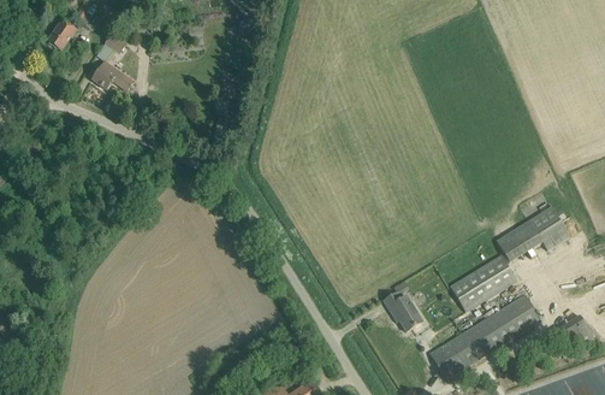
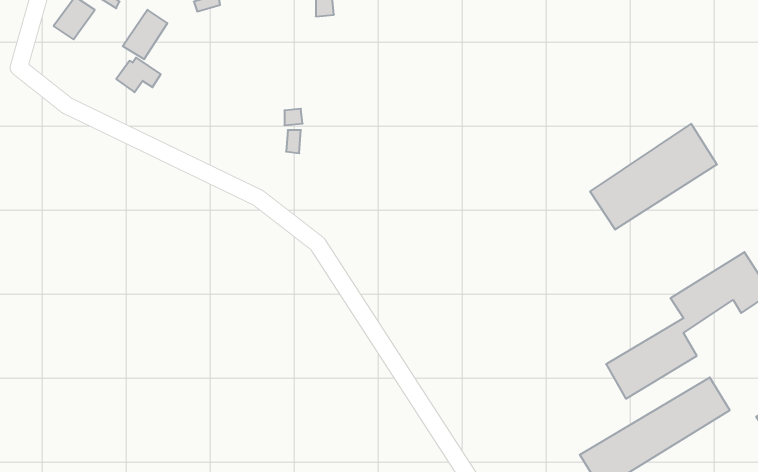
building: none -> [590,124,717,230]
building: [384,279,421,330] -> none

